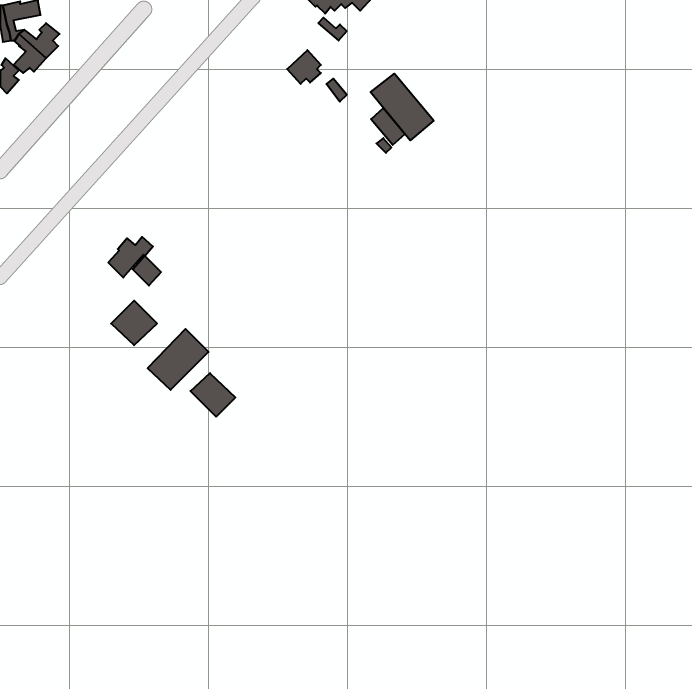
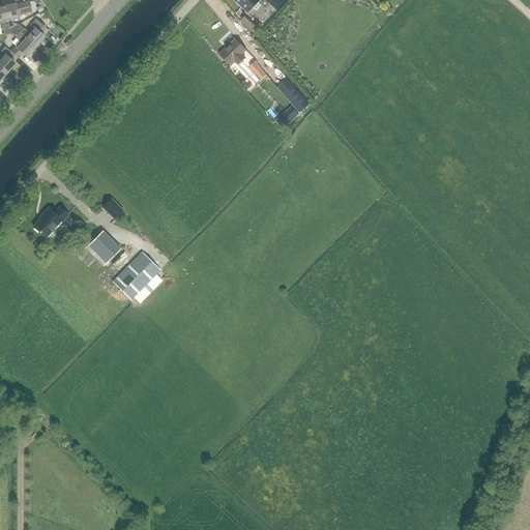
building: [371,74,434,140] -> none
building: [108,237,153,278] -> [33,206,67,237]
building: [190,373,235,417] -> none

